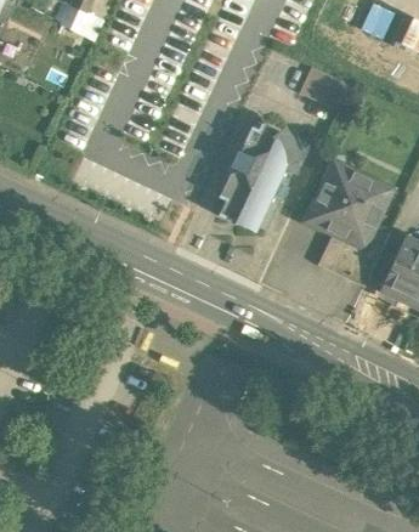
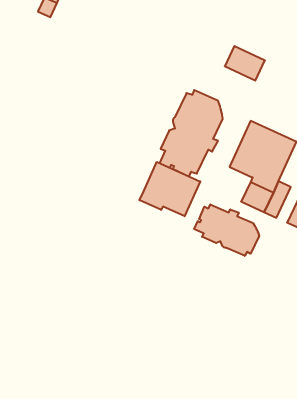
building: none -> [139,162,200,216]
building: none -> [194,204,259,256]

